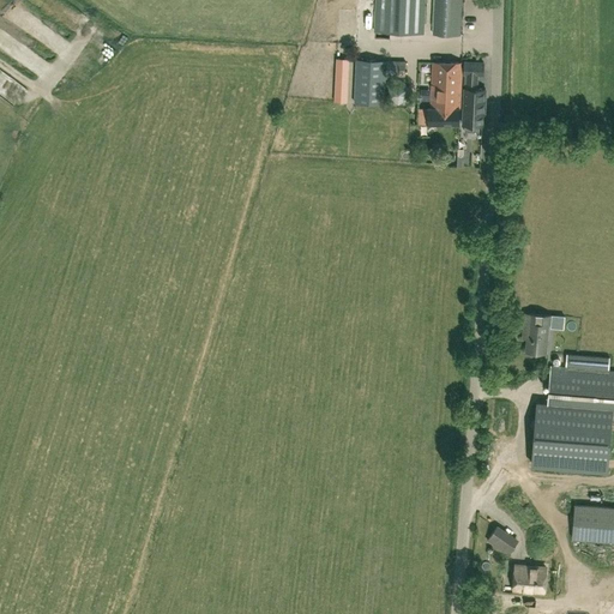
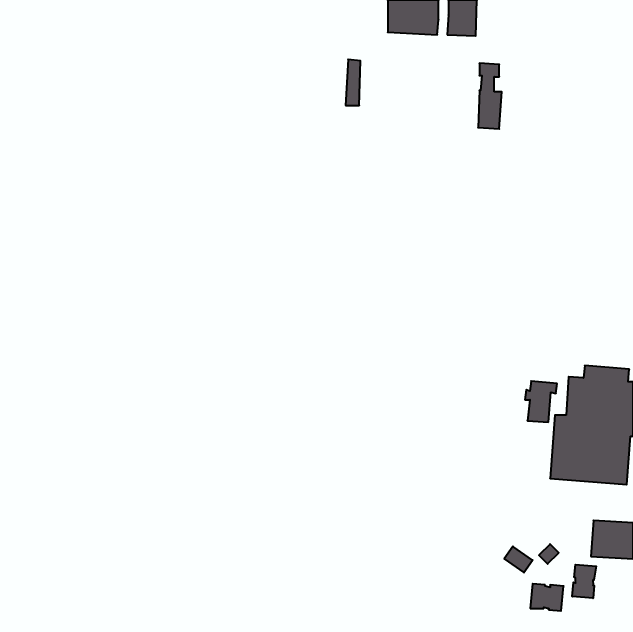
building: [355,60,407,106] -> none
building: [428,62,462,125] -> none
building: [523,314,554,354] -> [525,381,557,422]
building: none -> [572,565,596,598]

